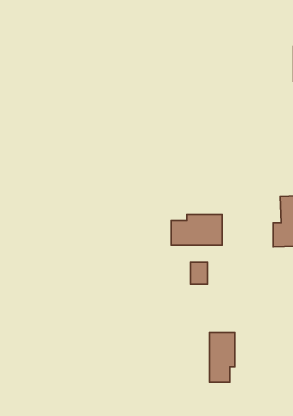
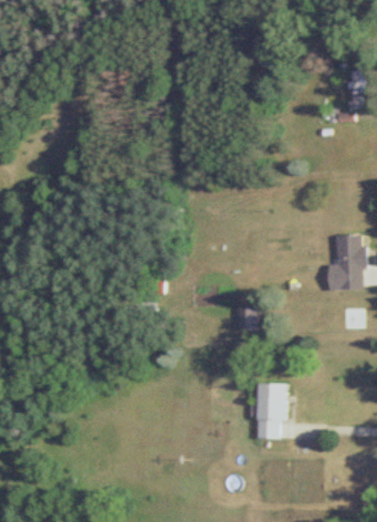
building: [171,214,222,245] -> none

